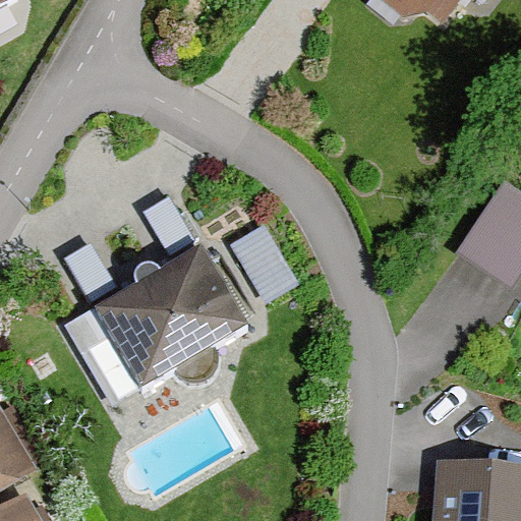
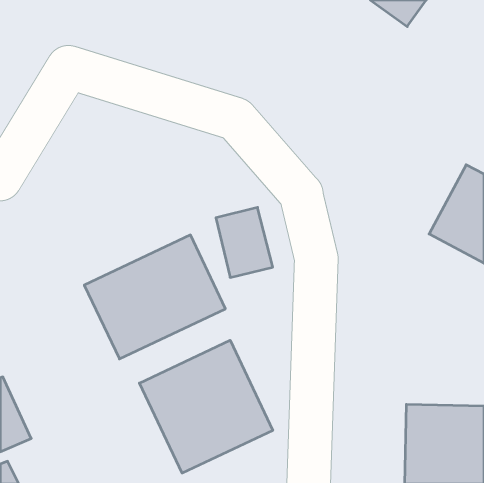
building: none -> [139,340,273,473]

